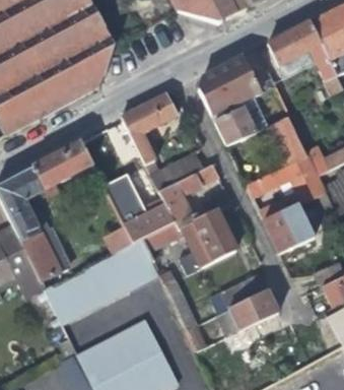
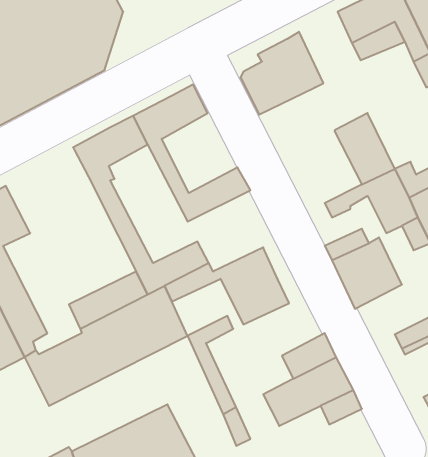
building: [211,95,265,145] -> none
building: [31,140,92,201] -> none
building: [160,166,230,226] -> none

